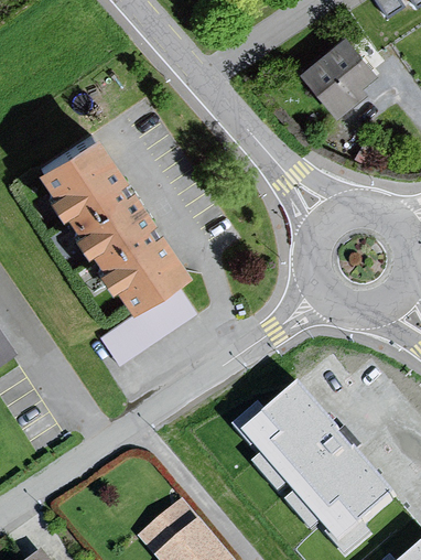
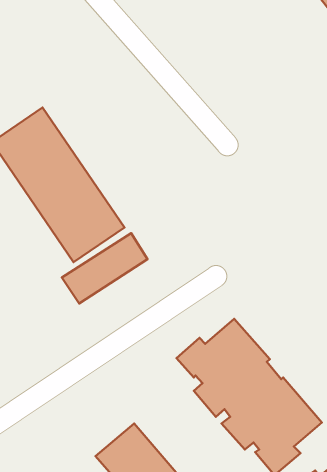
building: [295,40,373,123] -> none

